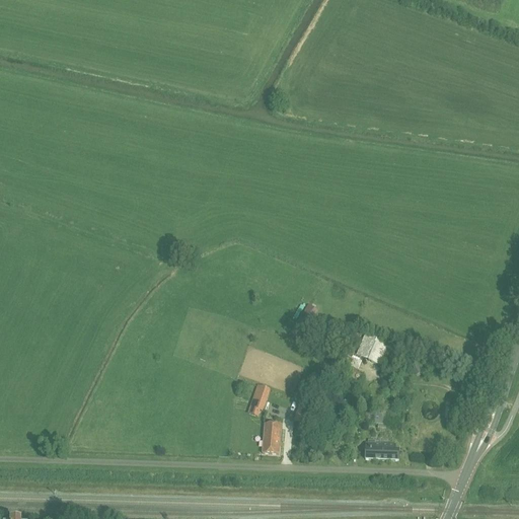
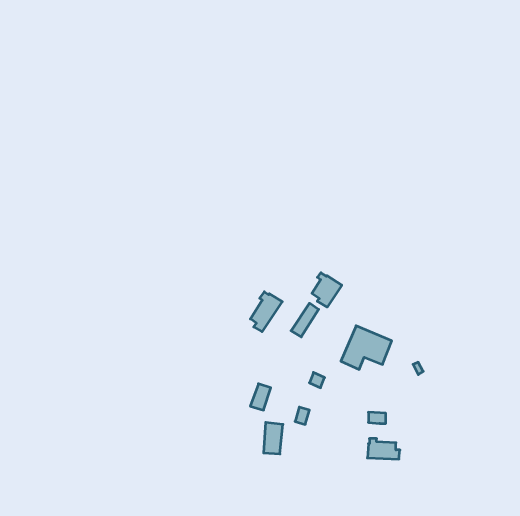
building: none -> [312,273,342,307]
building: none -> [250,292,282,332]

